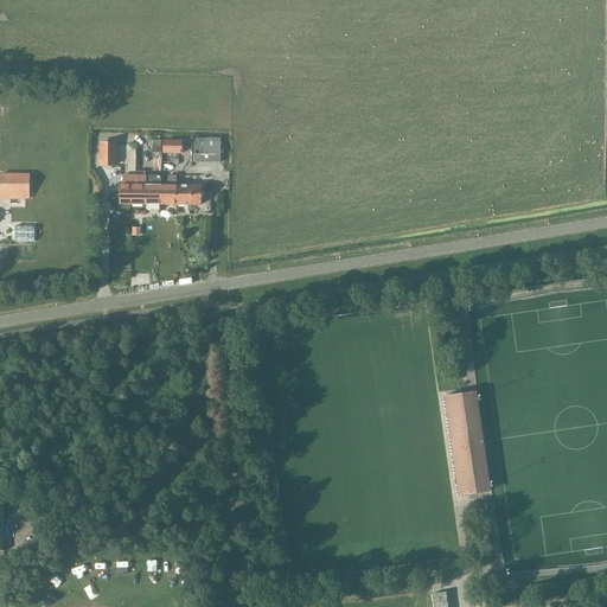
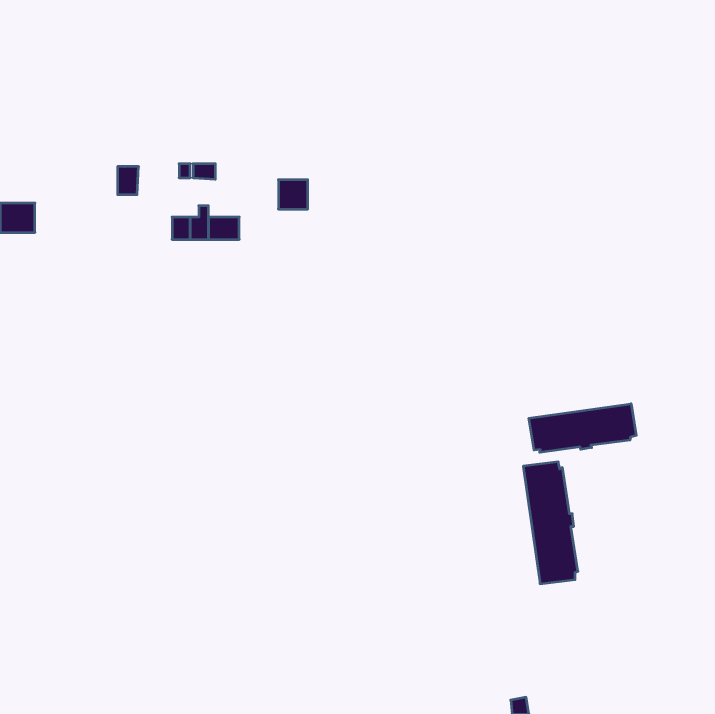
building: [194,136,219,161] -> [278,180,308,209]
building: [120,173,146,203] -> none
building: none -> [529,404,636,452]

